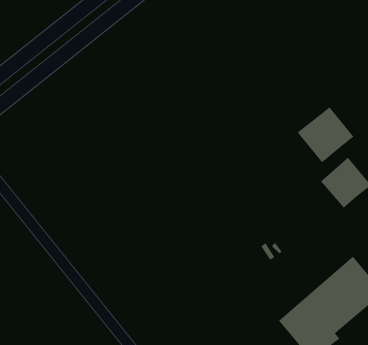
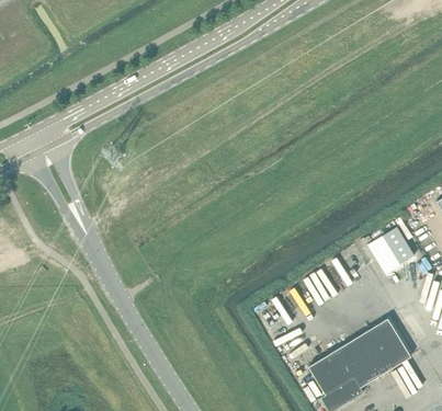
building: [297,106,354,163] -> none

